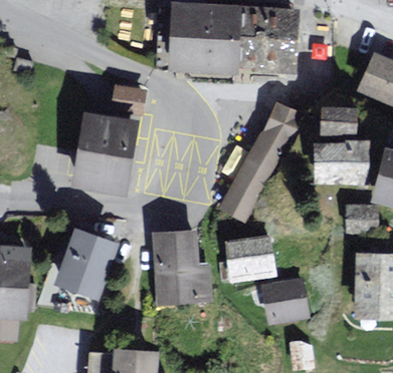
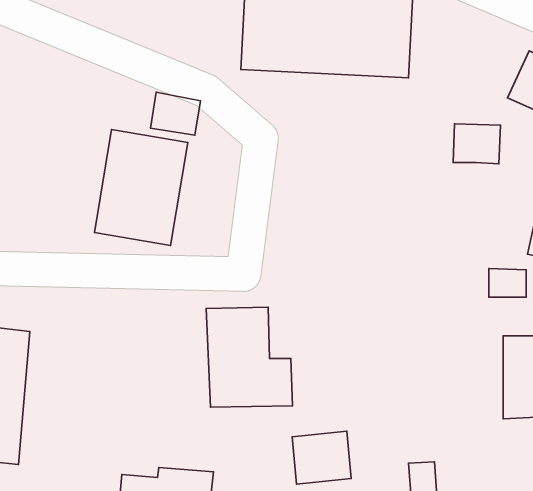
building: [220,101,299,223] -> none
building: [317,144,368,180] -> none
building: [53,221,120,294] -> none
building: [230,236,273,277] -> none
building: [262,283,304,320] -> [292,431,351,484]

